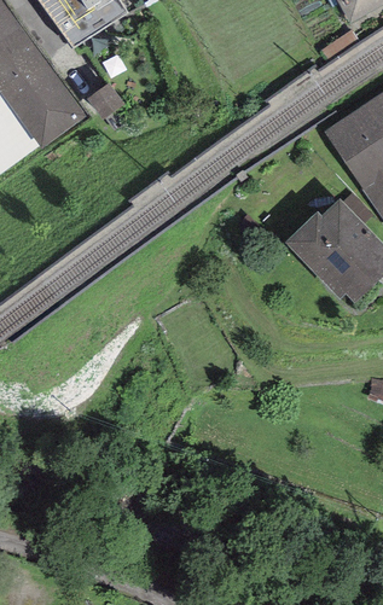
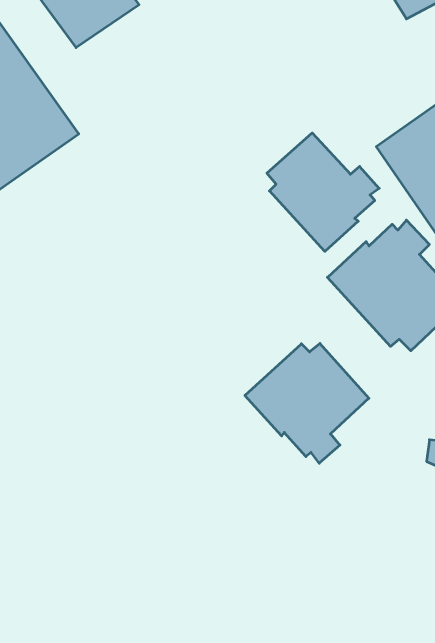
building: none -> [267,133,379,251]
building: none -> [245,343,369,463]

